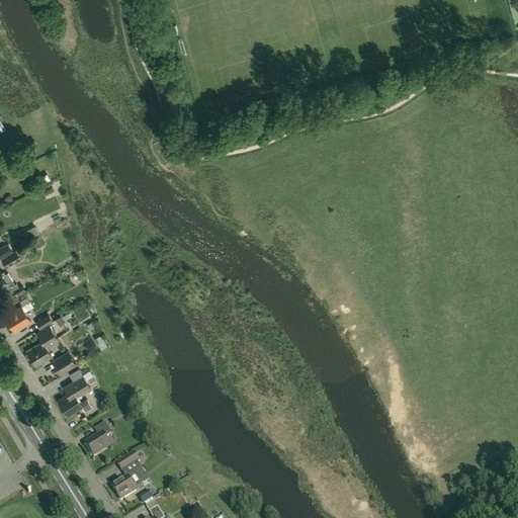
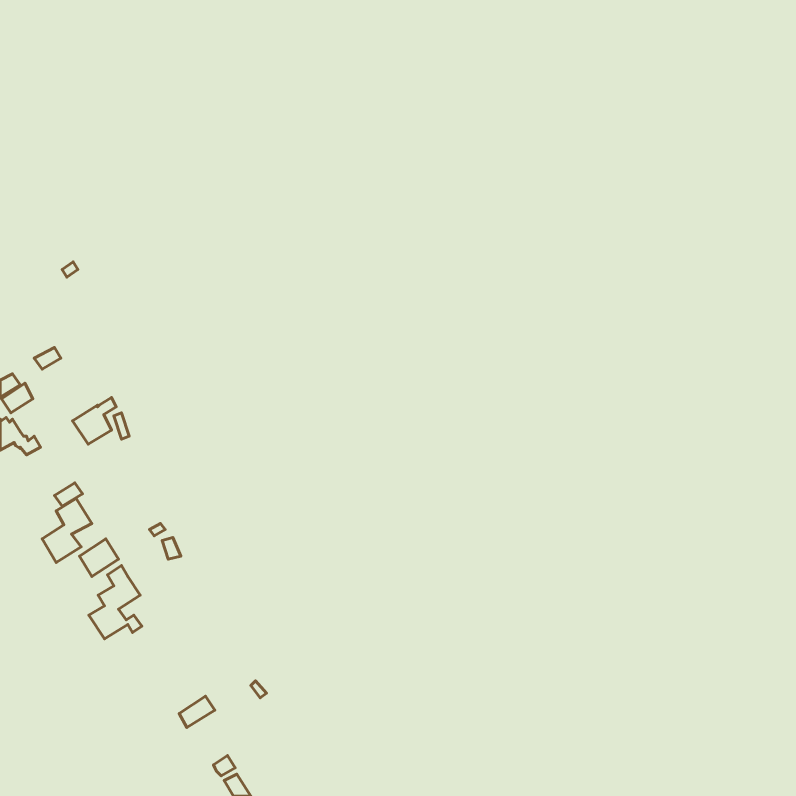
building: [5,300,33,331] -> [73,398,116,444]
building: [85,423,111,457] -> none
building: [111,474,140,500] -> none

